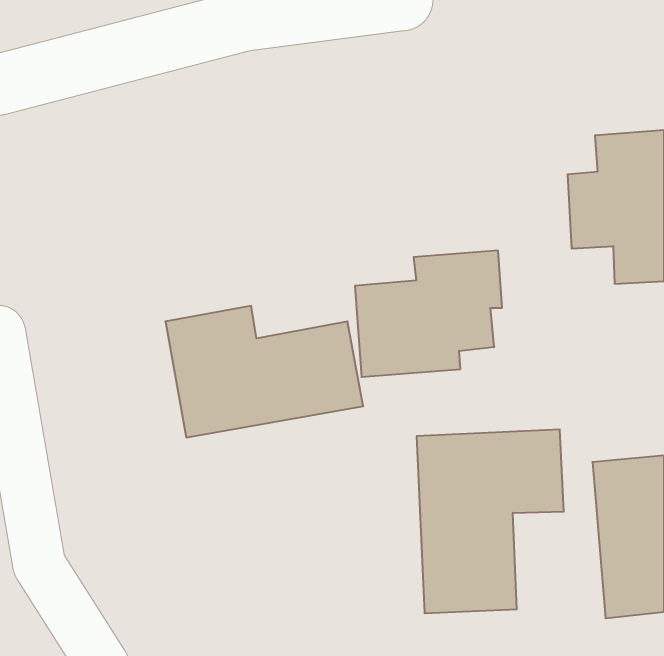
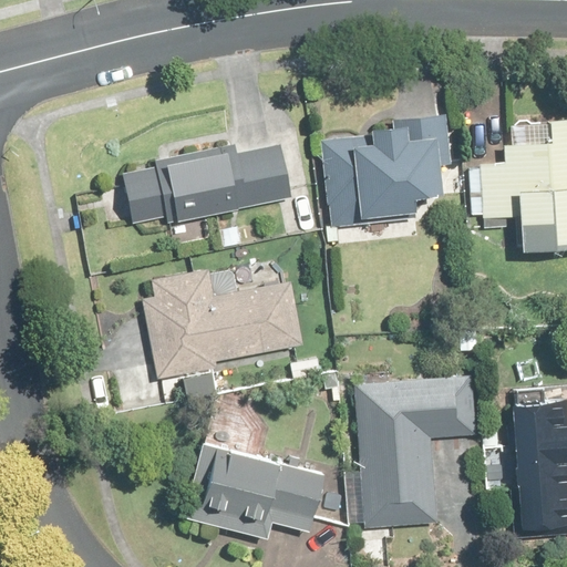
building: none -> [128,144,296,228]
building: [355,251,502,377] -> [323,114,449,221]
building: none -> [181,437,323,538]

